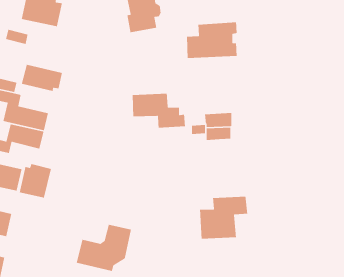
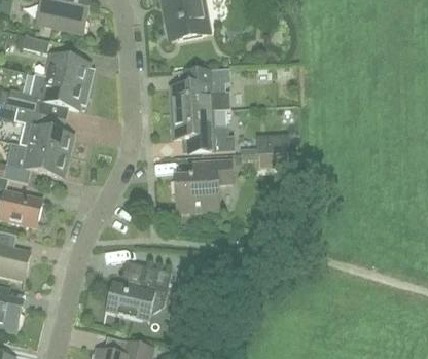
building: [186,21,238,59] -> [170,68,230,112]
building: none -> [46,53,94,86]
building: [19,163,52,198] -> none
building: [199,196,248,240] -> [175,160,233,212]

